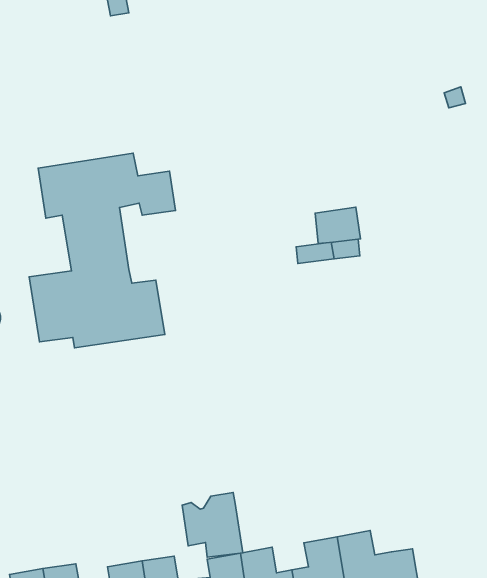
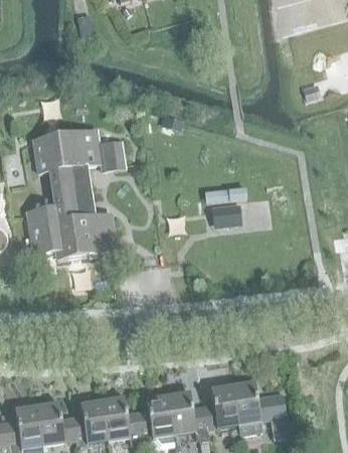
building: [315,207,360,244] -> [211,202,241,226]
building: [182,493,243,557] -> none

